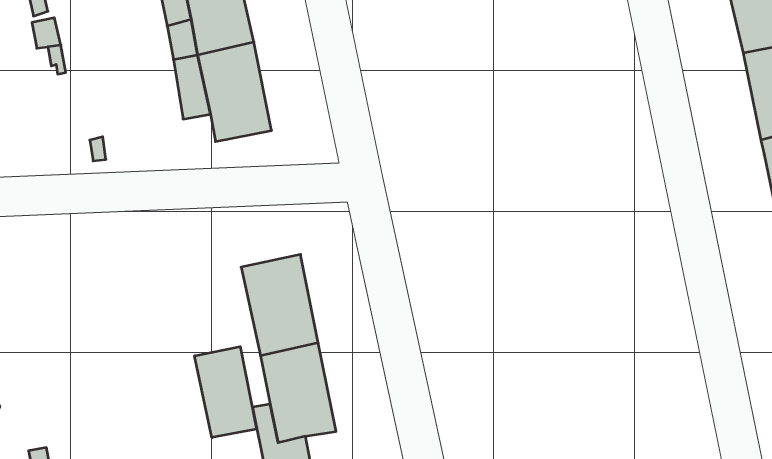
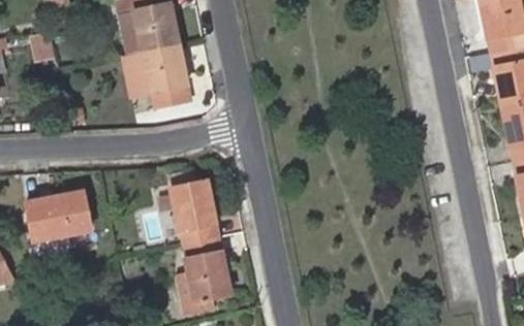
building: none -> [25,192,88,240]
building: [195,347,257,438] -> none

